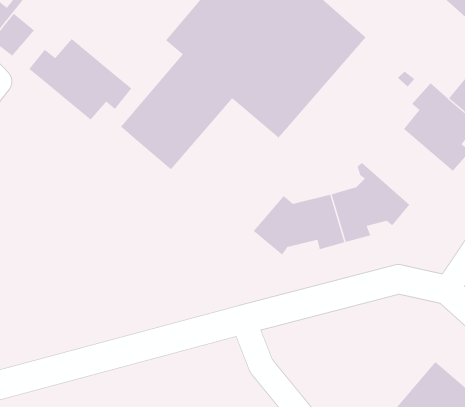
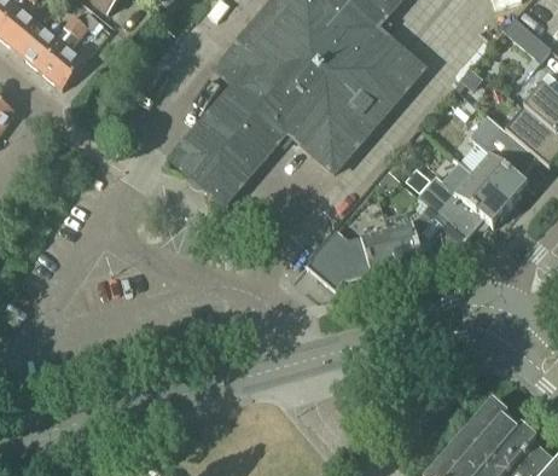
building: [29,38,132,120] -> none
building: none -> [417,161,510,238]

